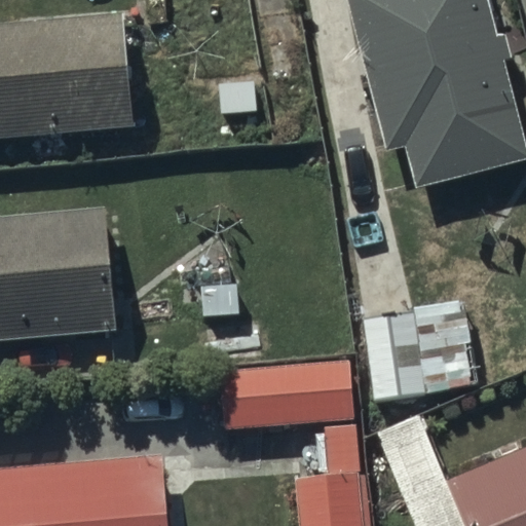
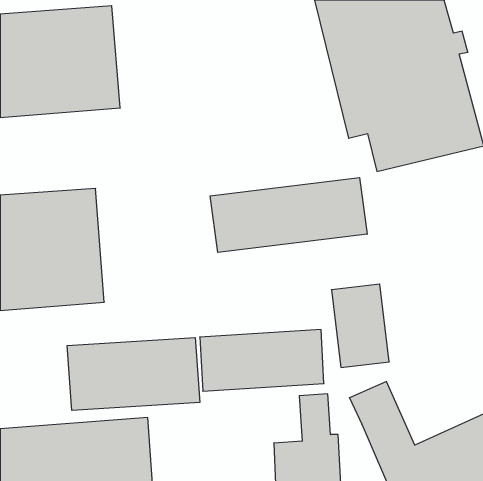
building: none -> [210,178,367,252]
building: none -> [67,338,200,410]

